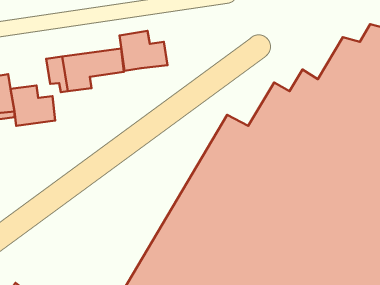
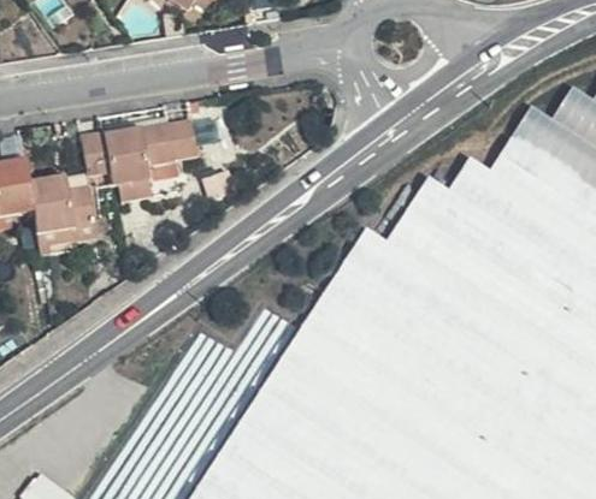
building: [120,31,168,71] -> none

